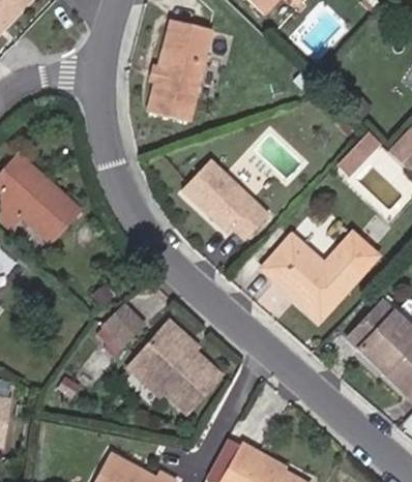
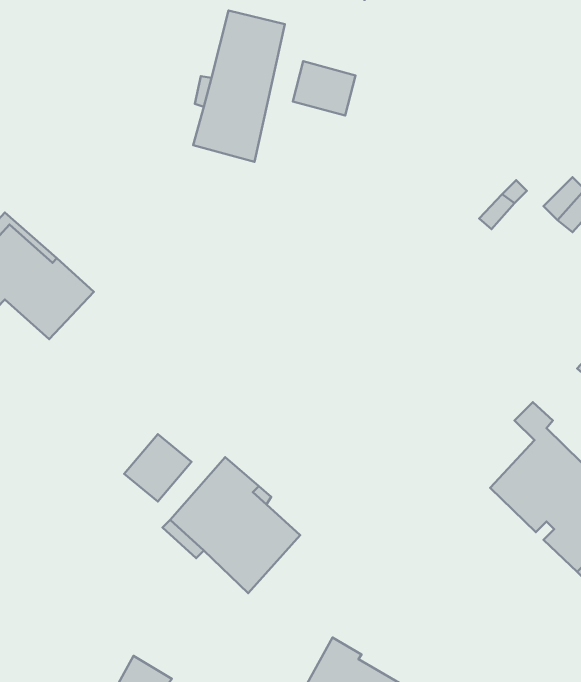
building: none -> [293,61,356,116]
building: [183,159,268,238] -> none
building: [262,233,379,321] -> none

